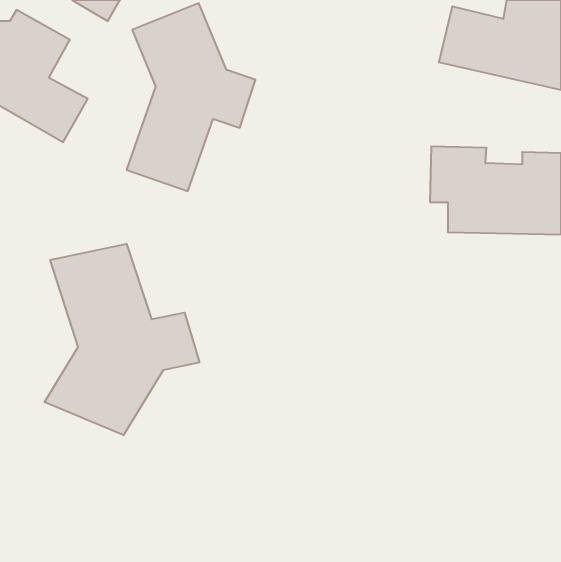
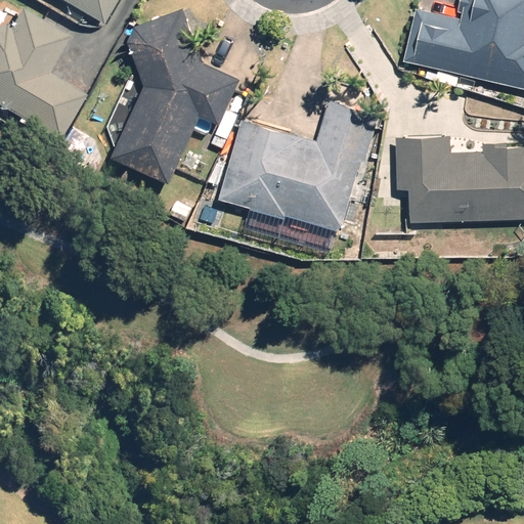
building: none -> [219,100,377,232]
building: [45,244,199,435] -> none

